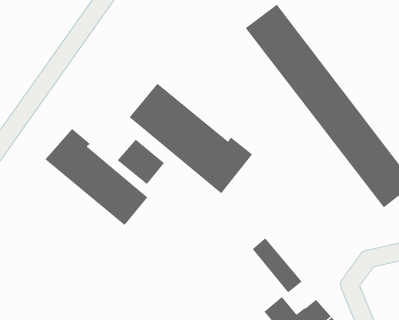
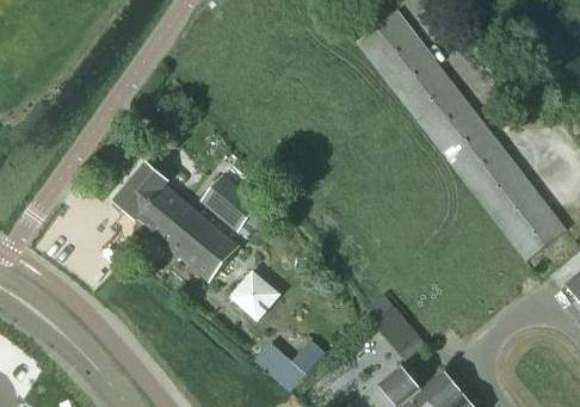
building: [129,83,253,194] -> none
building: none -> [232,272,278,317]
building: none -> [255,340,325,389]

